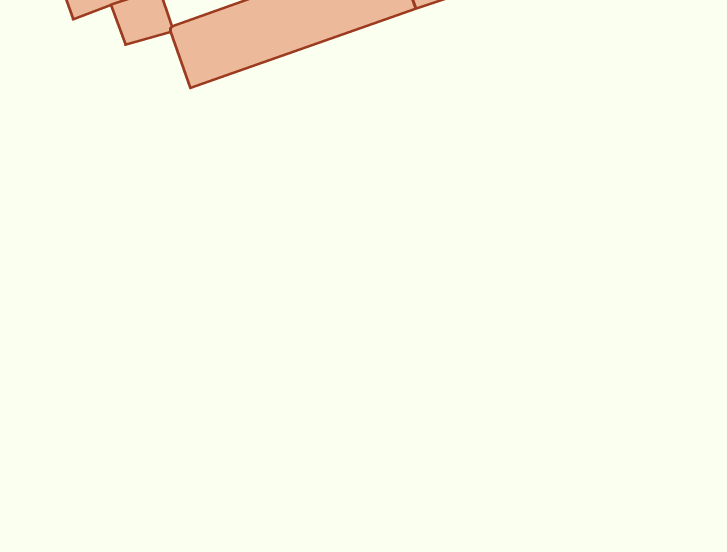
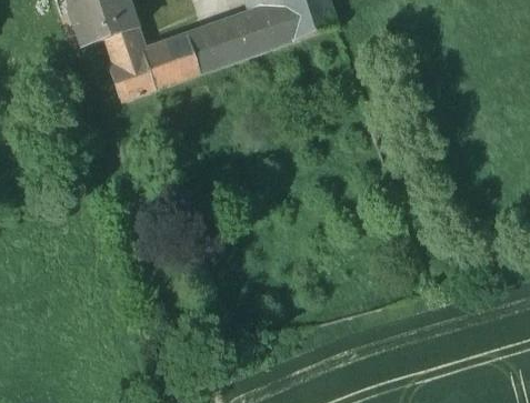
building: none -> [110,54,156,101]

